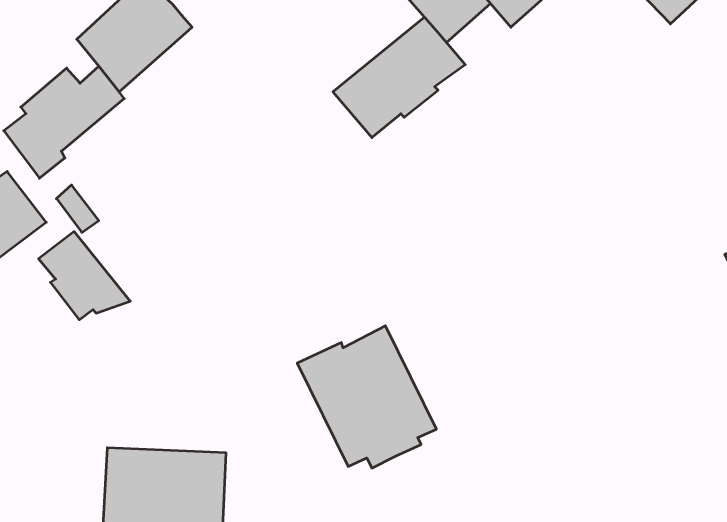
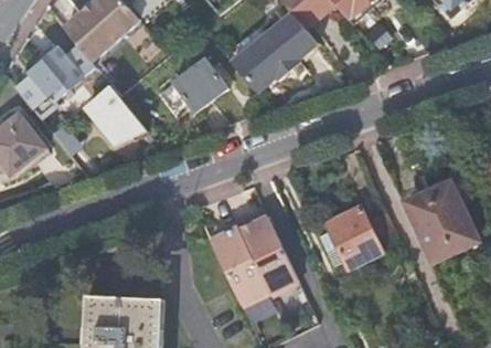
building: none -> [173,59,227,113]
building: [39,232,130,320] -> [87,85,147,143]
building: none -> [406,182,478,262]
building: none -> [327,208,398,268]

